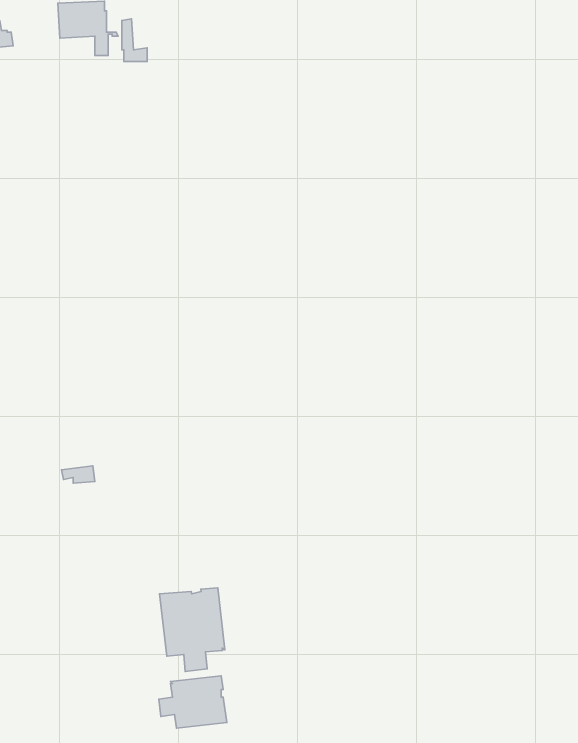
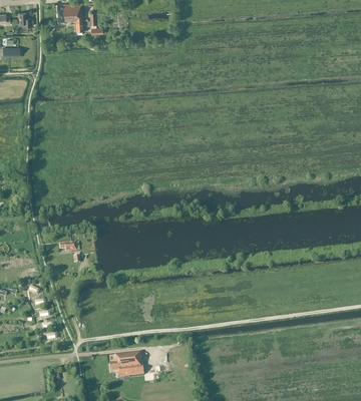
building: [160,588,225,671] -> none

